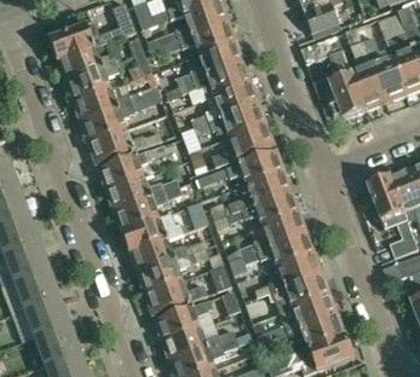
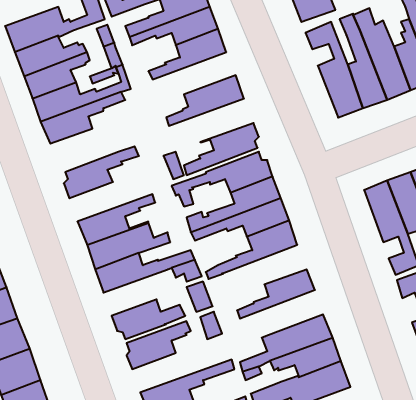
building: [166,60,253,98] -> none
building: [194,102,269,140] -> none
building: [88,128,162,163] -> none
building: [105,175,179,210] -> none
building: [241,231,316,266] -> none
building: [136,253,195,294] -> none
building: [243,271,330,312] -> none
building: [161,324,249,361] -> none

